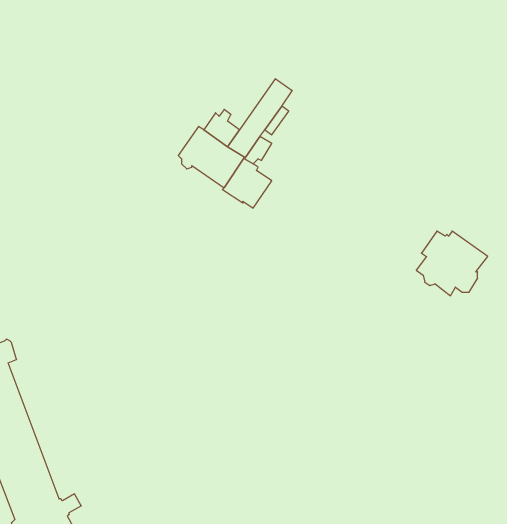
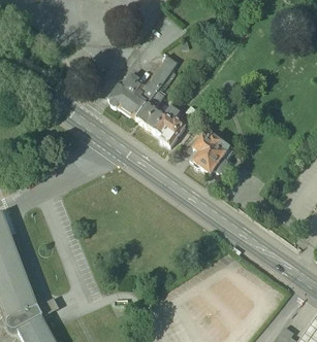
building: none -> [154,106,186,146]
building: [416,231,488,296] -> [190,136,233,175]

